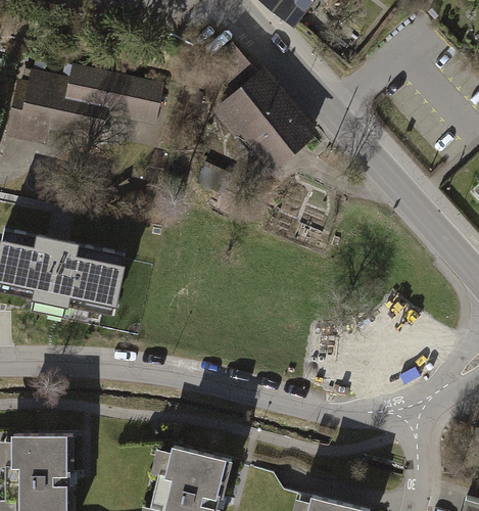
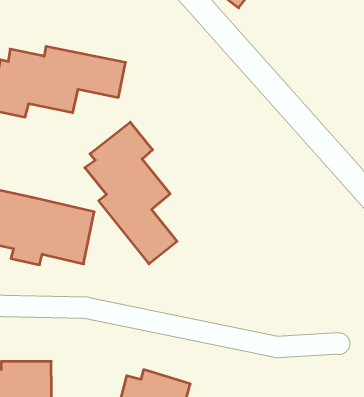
building: [210,42,313,166] -> none
building: none -> [85,122,177,264]

